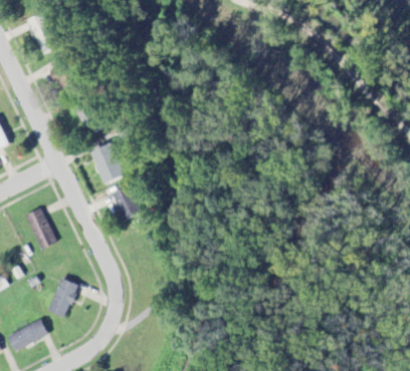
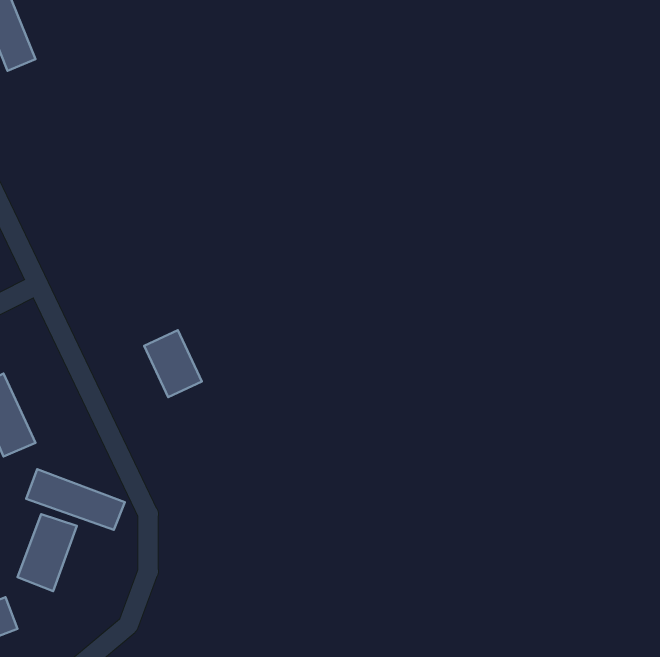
building: [91,141,126,183] -> none
building: none -> [26,469,125,530]

